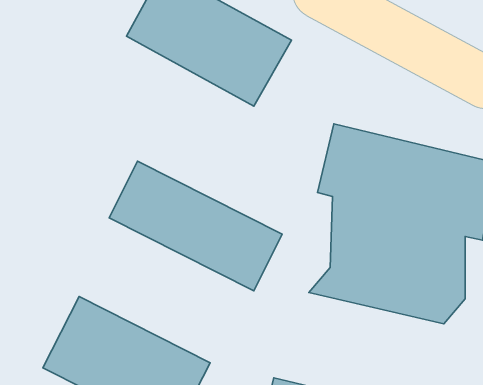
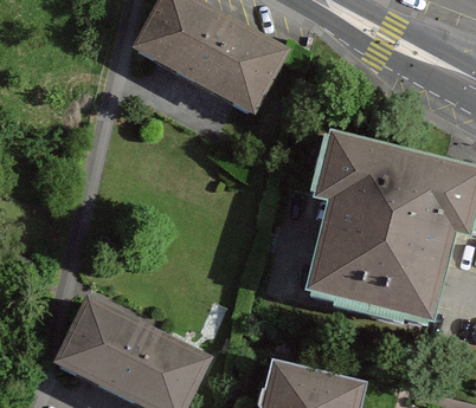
building: [109,161,282,291] -> none

